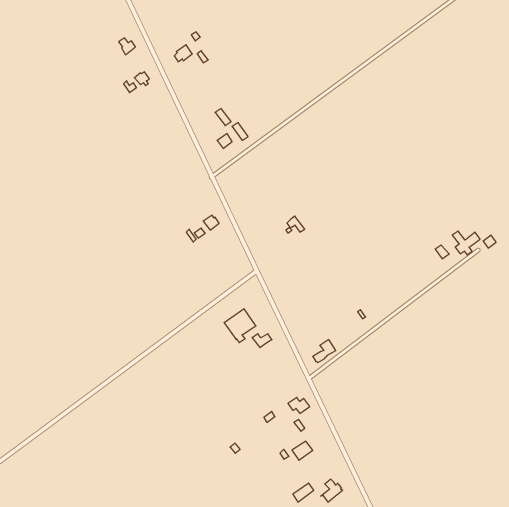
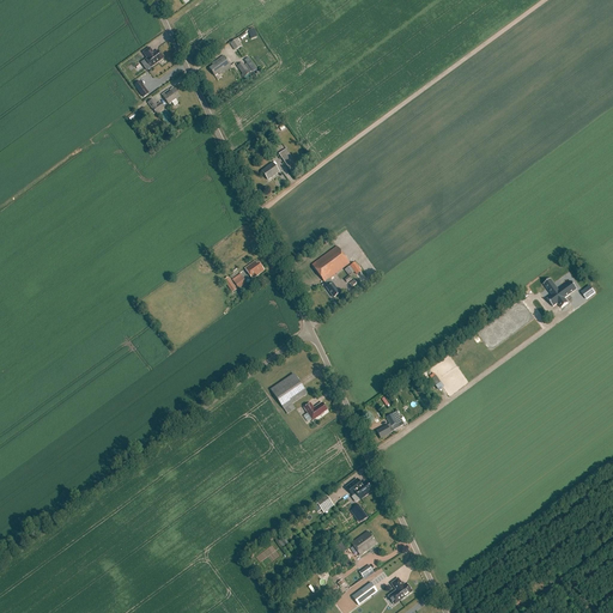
building: none -> [311,244,350,296]

